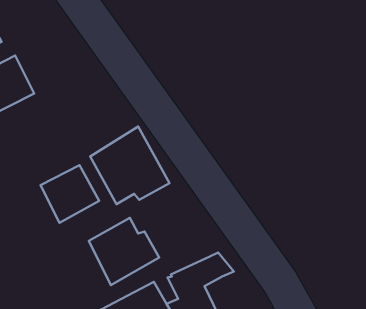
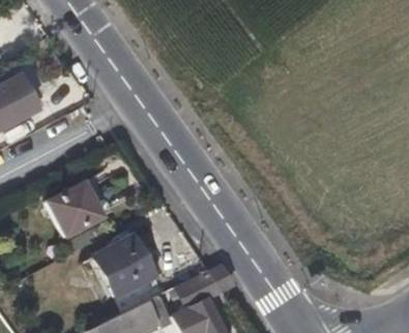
building: [90,127,169,204] -> none

